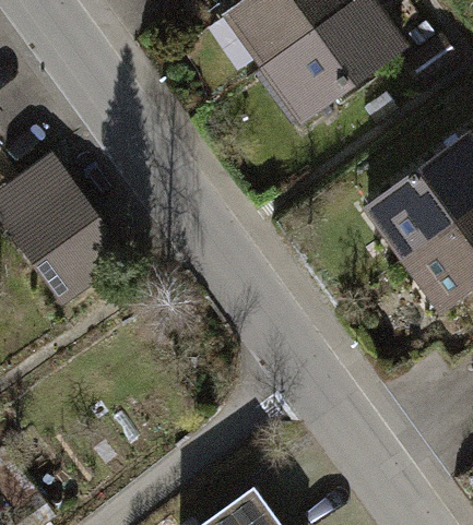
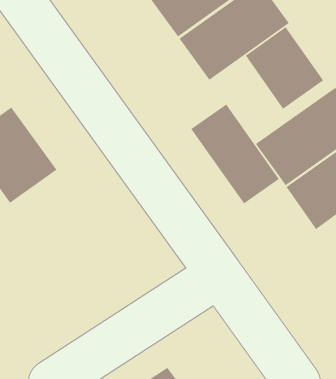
building: none -> [245,26,324,110]
building: none -> [190,103,280,205]

